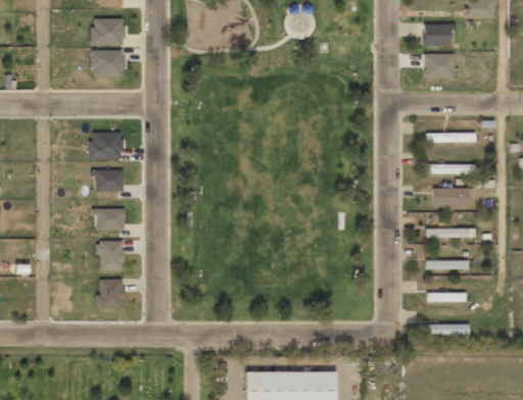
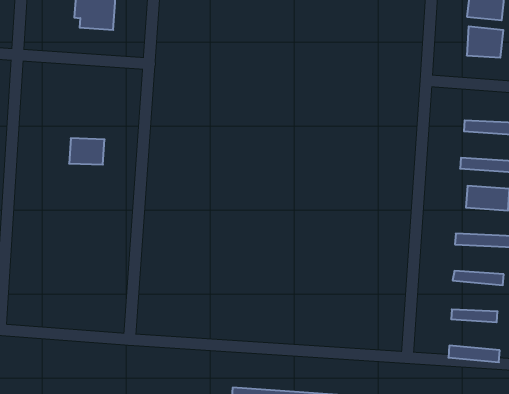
building: [90,132,122,159] -> none
building: [94,207,125,230] -> none
building: [96,241,124,270] -> none
building: [95,279,124,308] -> none

